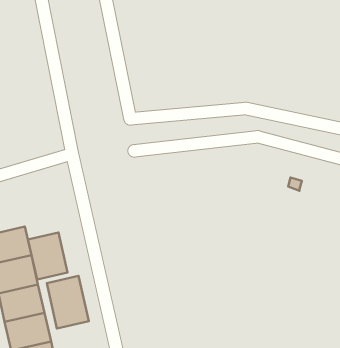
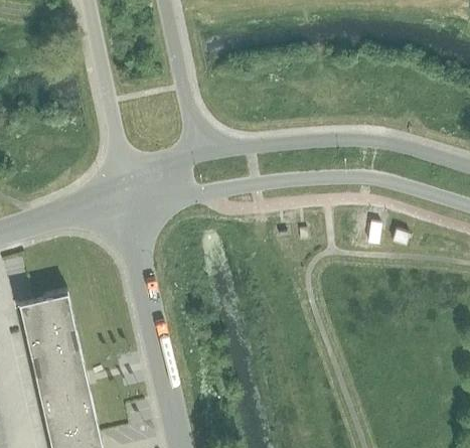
building: [28,232,68,280] -> none
building: [47,276,89,328] -> none

